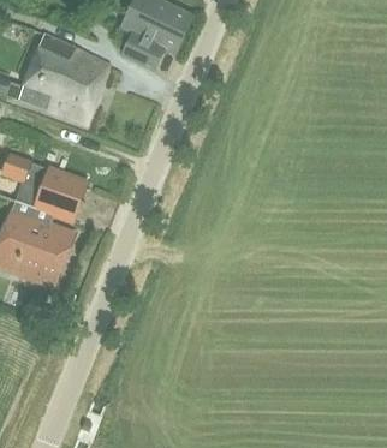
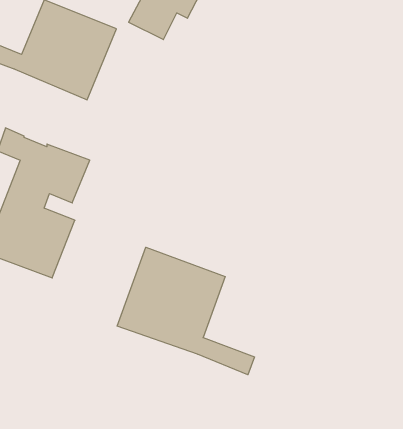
building: none -> [117,247,254,375]

